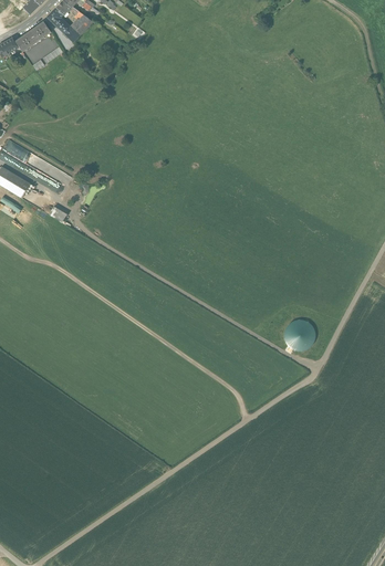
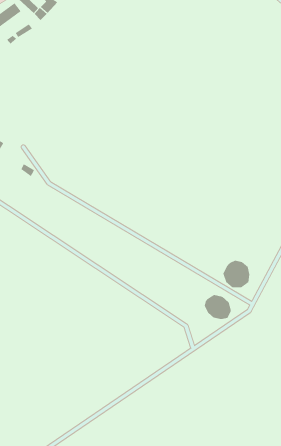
building: none -> [204,294,231,320]

